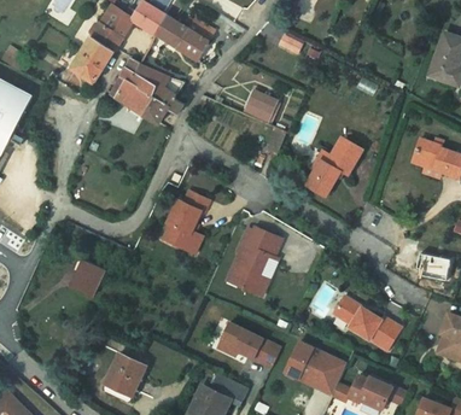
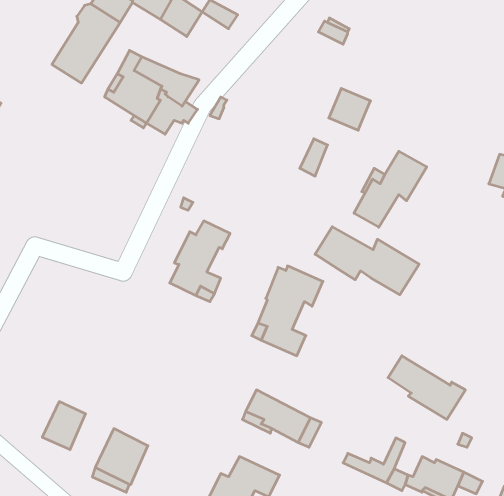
building: [176,28,209,62] -> none
building: [244,90,276,123] -> [329,88,371,130]
building: none -> [315,227,419,295]
building: [70,259,104,297] -> [42,402,86,450]
building: [285,341,339,380] -> none

